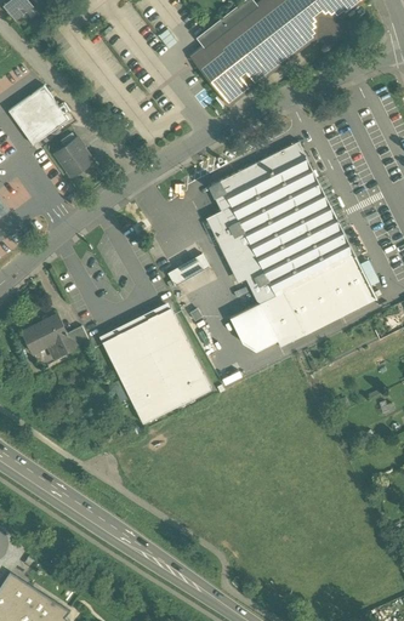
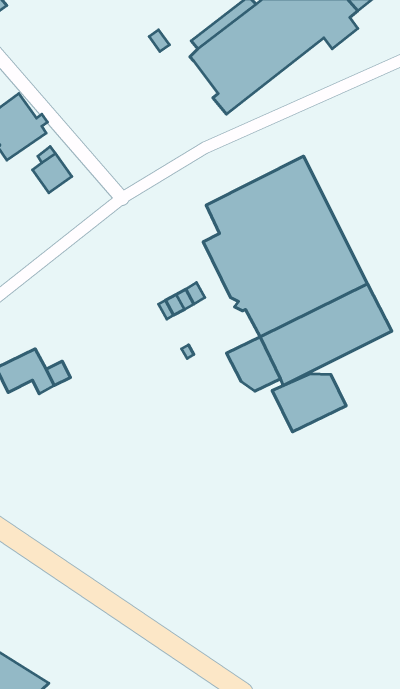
building: [101,308,210,423] -> none
building: none -> [272,374,346,432]

